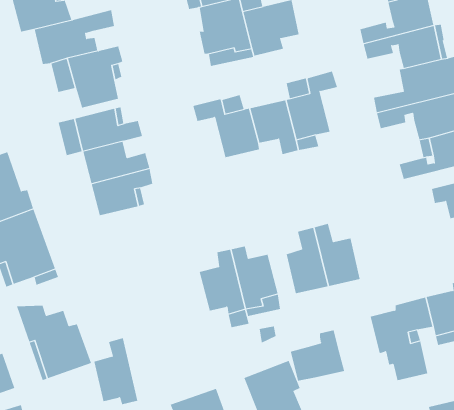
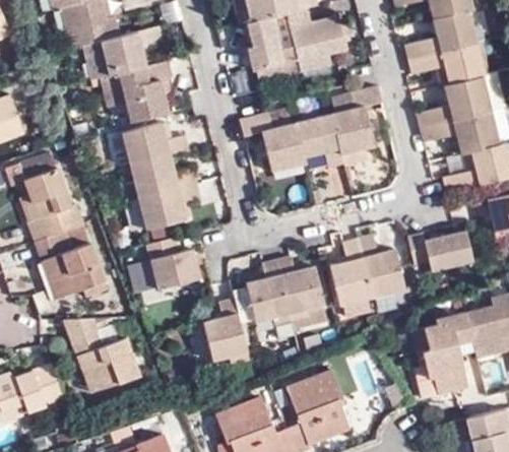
building: none -> [407,233,472,273]
building: none -> [146,240,198,289]
building: [290,329,345,382] -> none
building: [93,338,138,405] -> [205,300,249,366]

